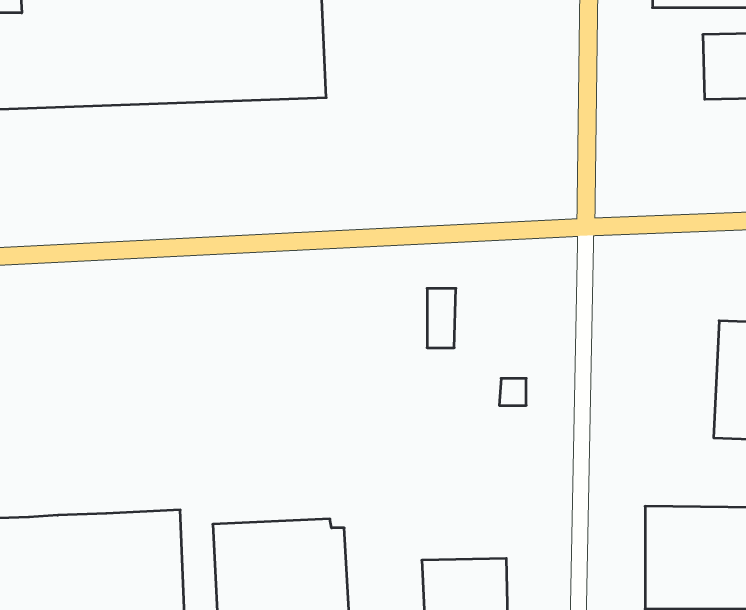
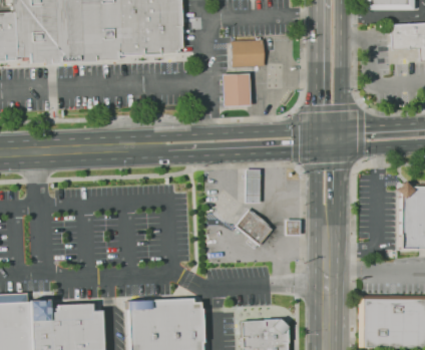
building: none -> [230,37,262,64]
building: none -> [221,71,248,104]
building: none -> [233,207,271,243]

